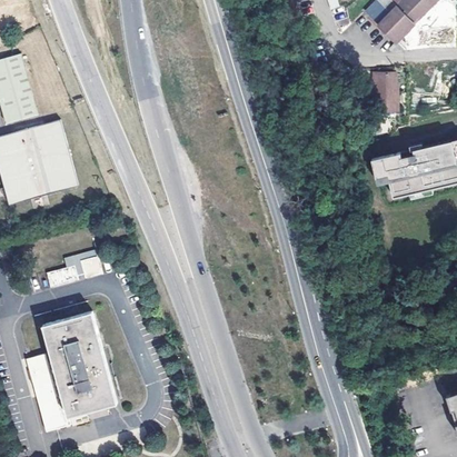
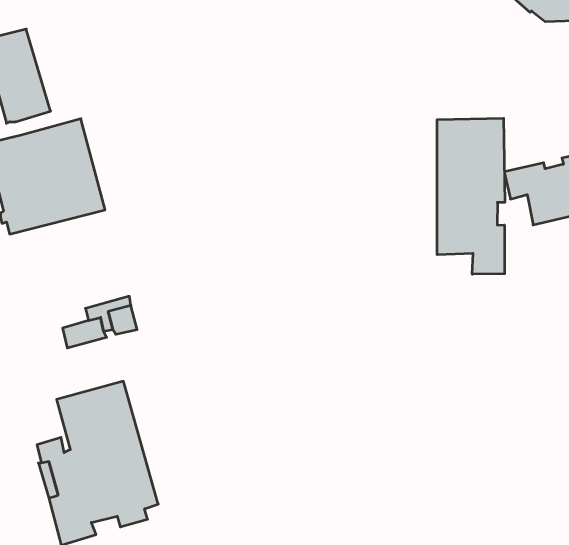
building: [365,71,391,108] -> none
building: none -> [437,118,505,274]

